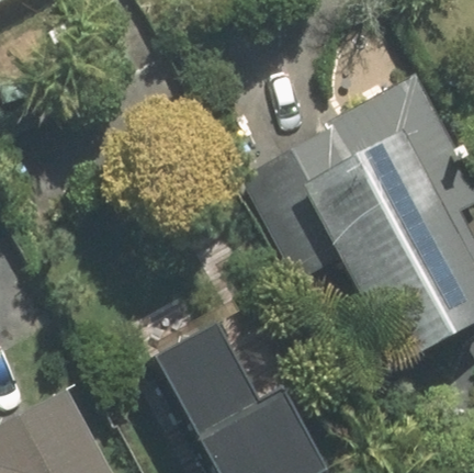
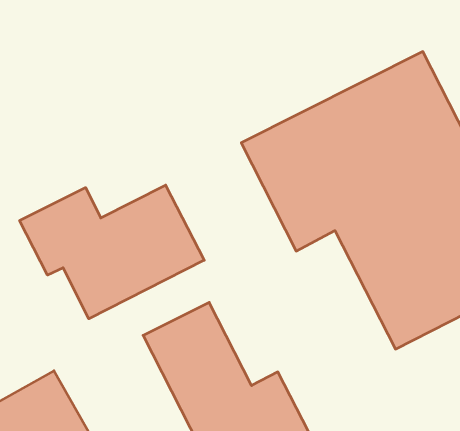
building: none -> [20,185,204,319]

